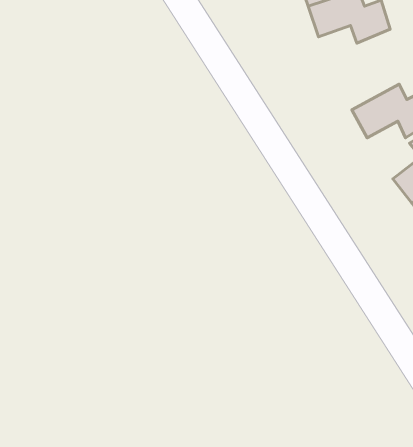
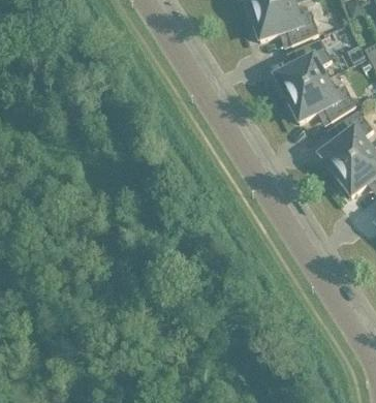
building: none -> [274,37,331,98]

